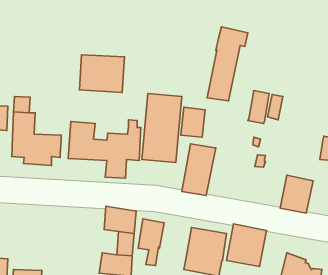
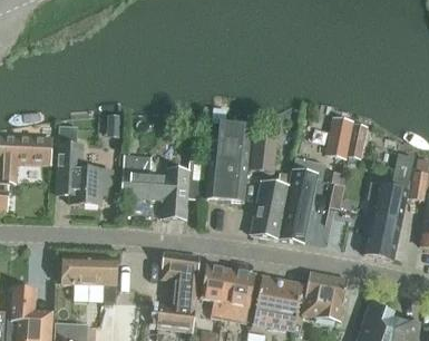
building: [207,27,248,101] -> [279,157,325,242]
building: [80,55,124,92] -> none
building: none -> [367,152,413,222]
building: none -> [61,255,116,301]
building: none -> [221,270,255,323]

